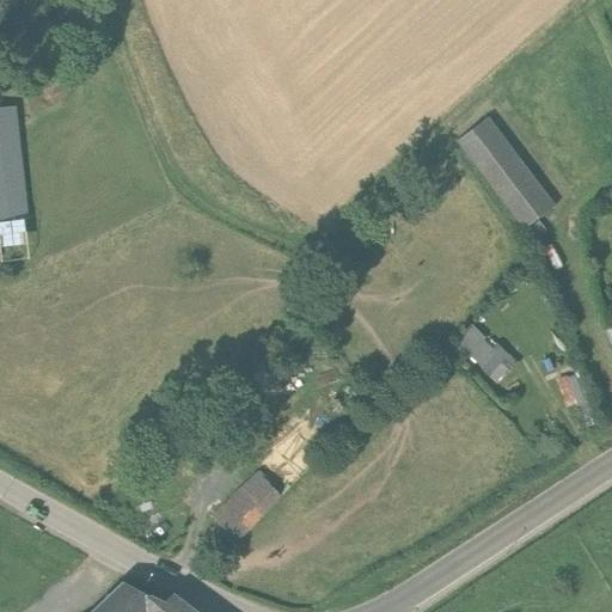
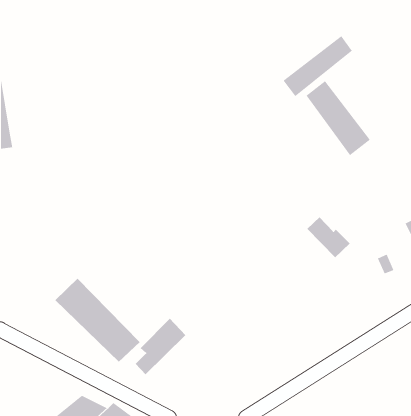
building: none -> [282,35,353,97]
building: none -> [55,278,140,363]

